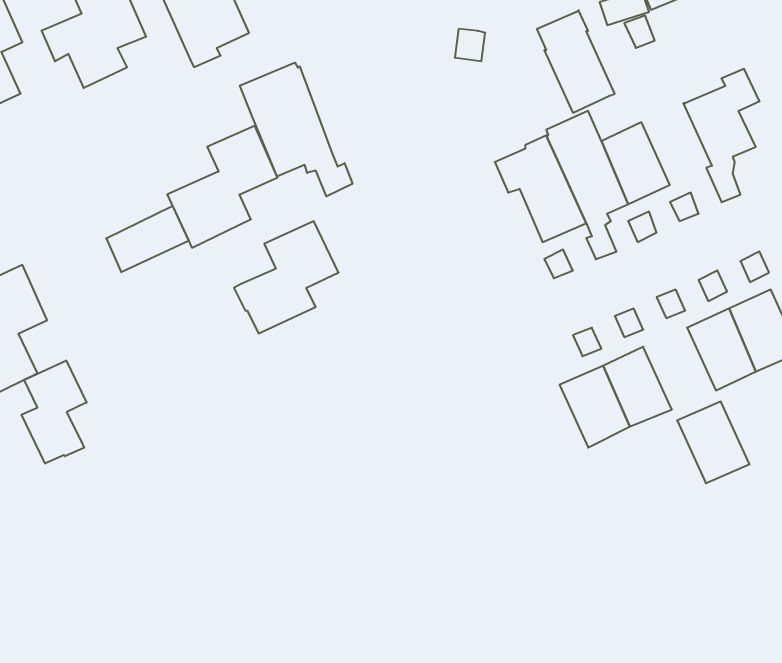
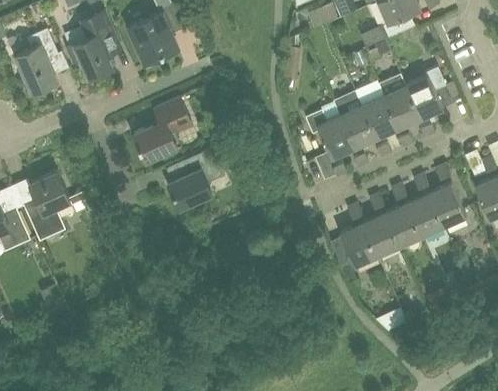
building: [537,10,615,113] -> [378,75,419,129]
building: [240,63,352,196] -> none
building: [106,206,189,272] -> none
building: [22,360,87,464] -> none
building: [677,402,750,483] -> [383,204,421,247]

